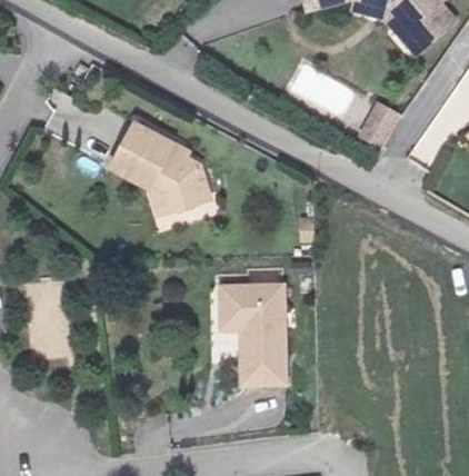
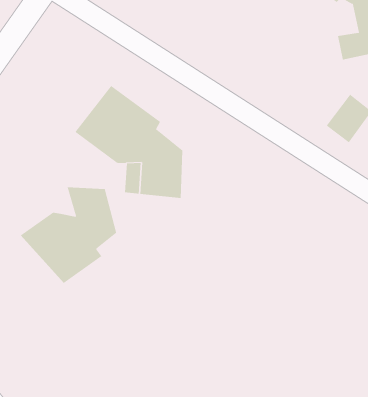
building: none -> [20,186,117,284]
building: [218,277,287,378] -> none

